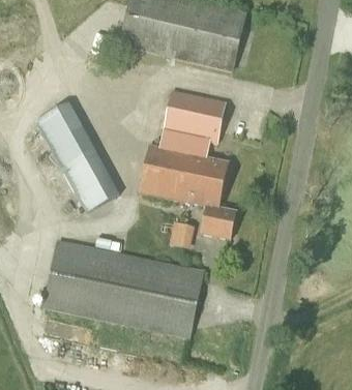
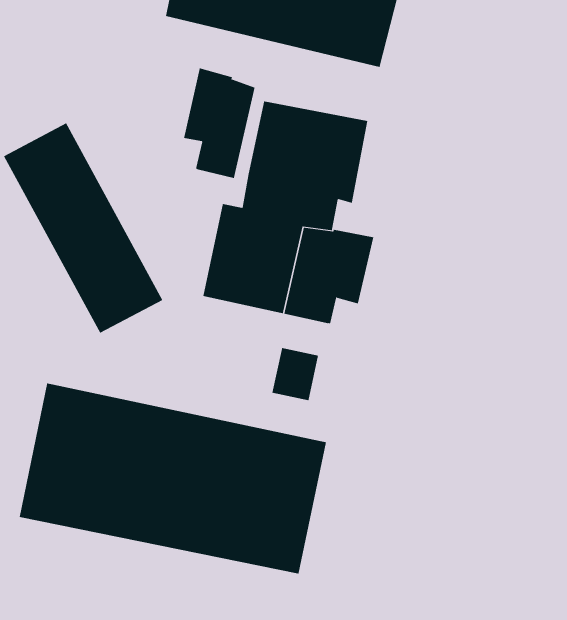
building: none -> [183,68,255,179]
building: [201,193,238,240] -> none

